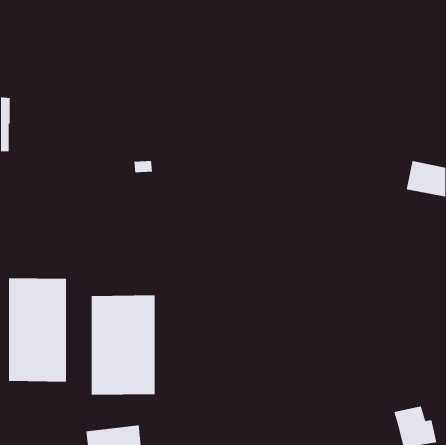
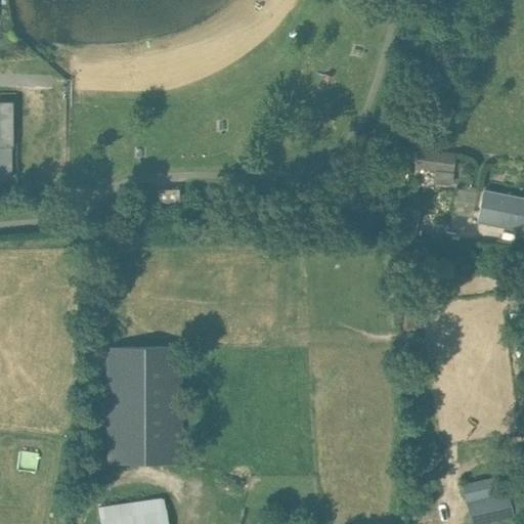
building: none -> [414,149,455,174]
building: [8,277,67,382] -> none

